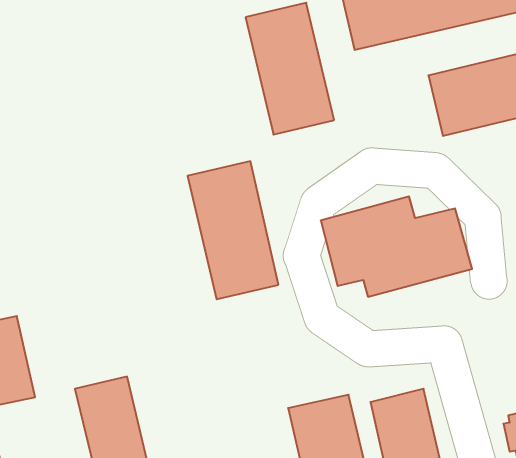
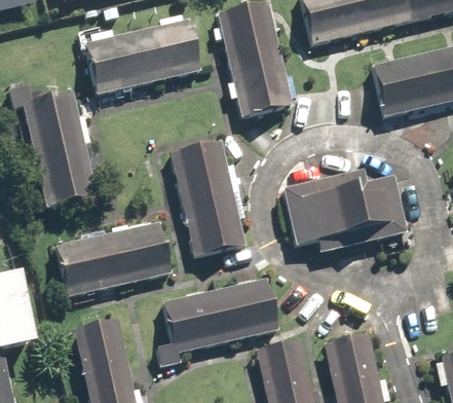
building: none -> [85,16,202,95]
building: none -> [24,89,99,206]
building: none -> [56,221,176,295]
building: none -> [163,280,278,353]

